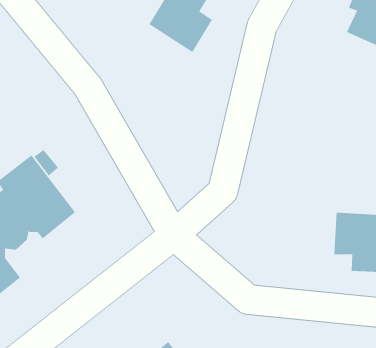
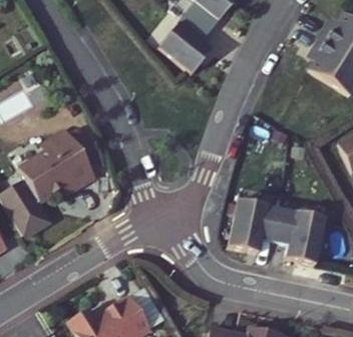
building: none -> [246,199,298,250]

